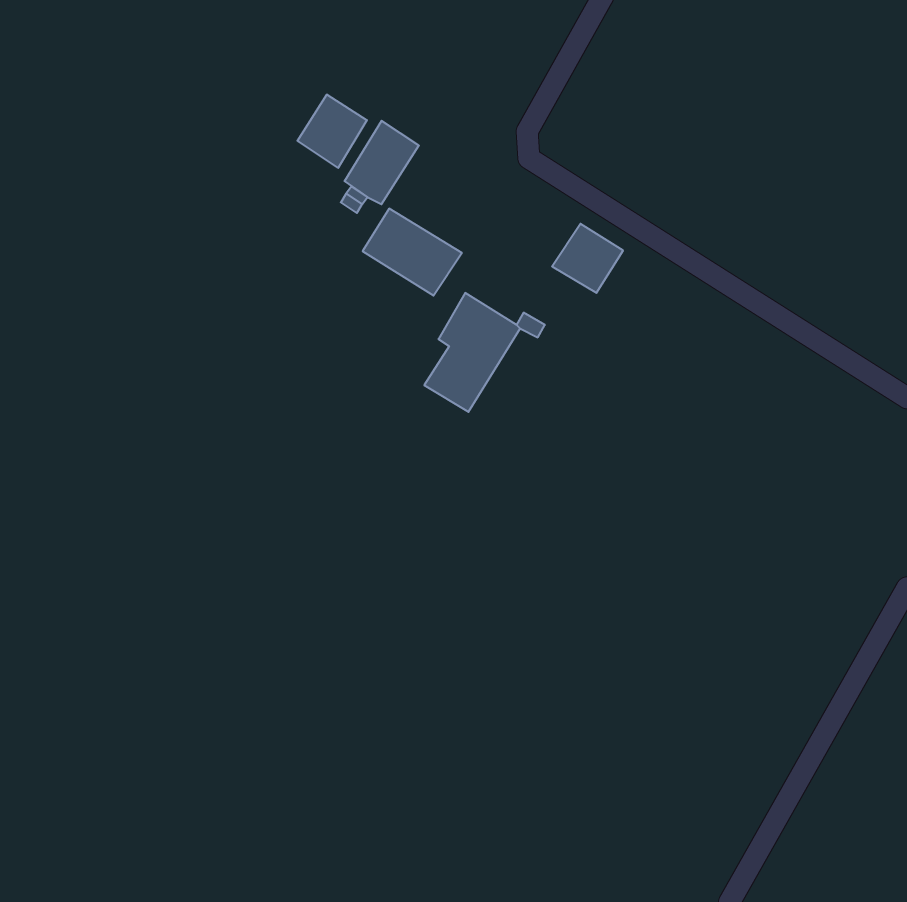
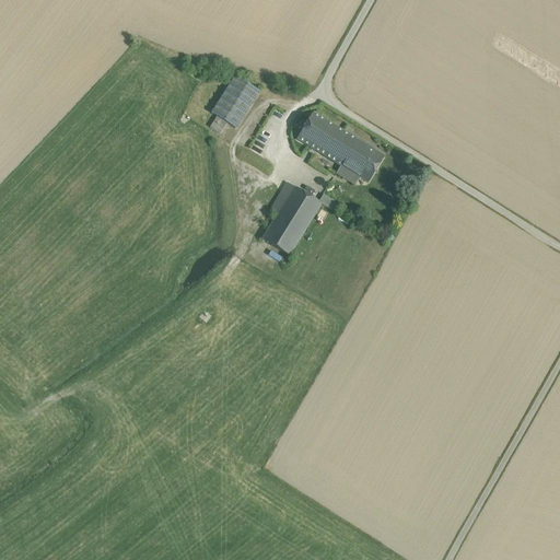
building: [297,94,367,168] -> none
building: [363,209,462,296] -> [296,110,358,164]

